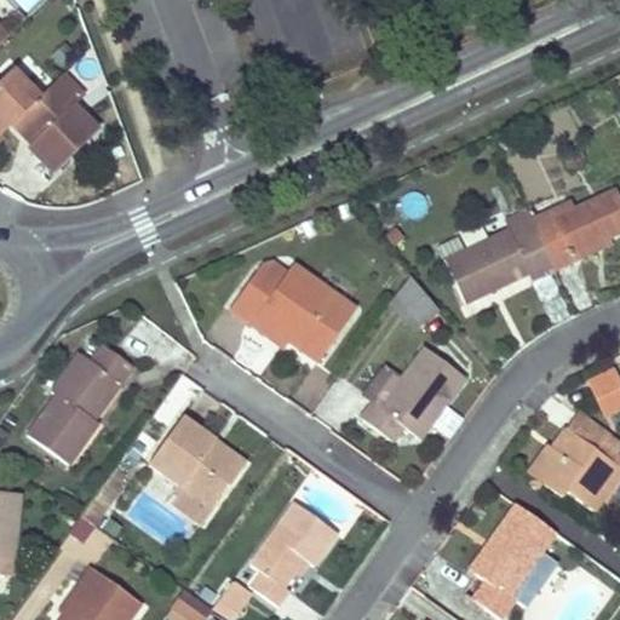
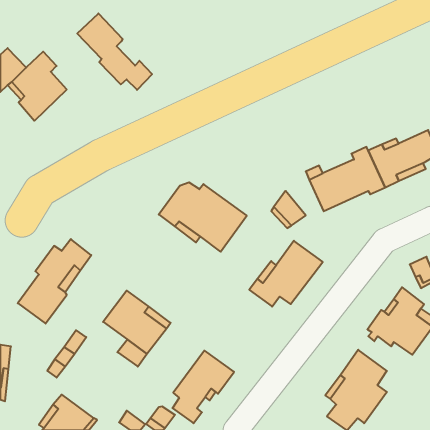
building: none -> [77,13,152,90]

